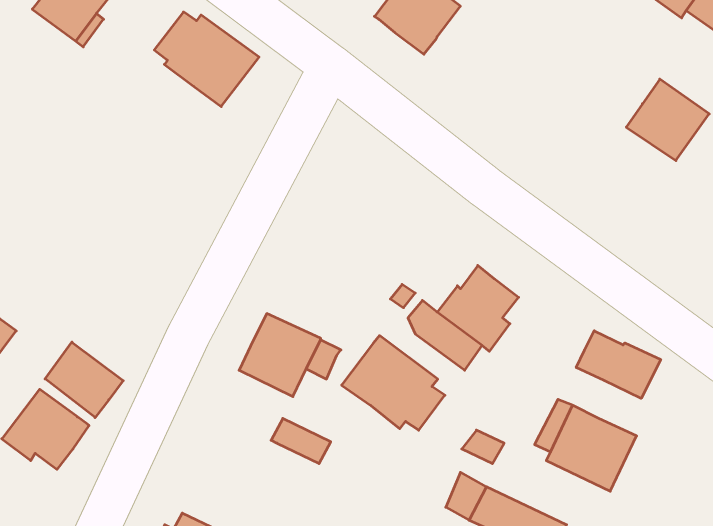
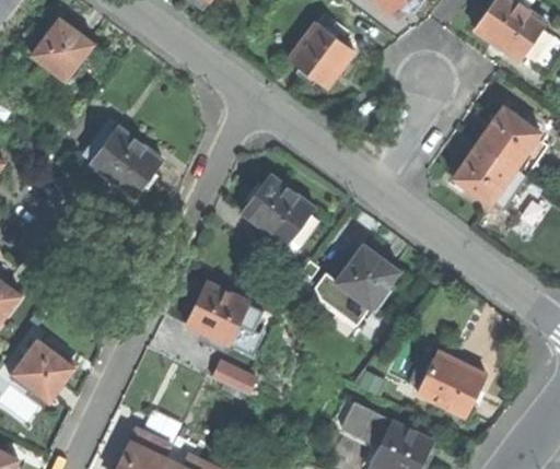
building: [154,12,259,107] -> [83,125,162,196]
building: none -> [453,142,526,209]
building: [576,331,661,398] -> none
building: [342,336,445,430] -> [242,175,319,246]
building: [45,342,123,418] -> none

